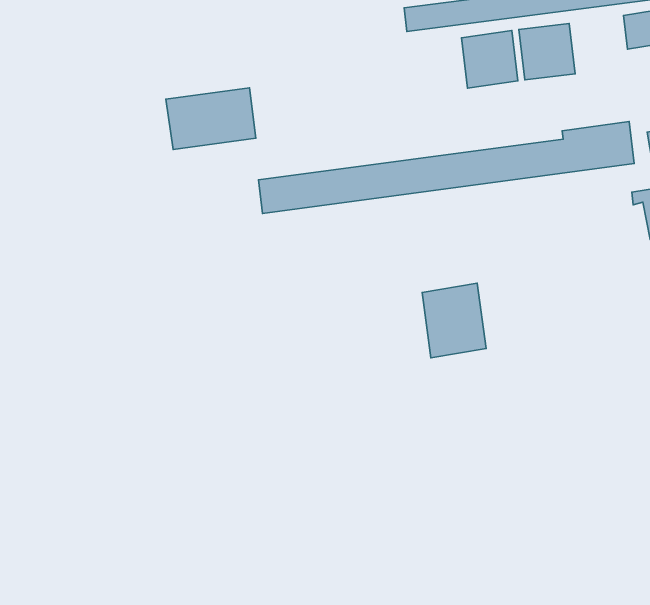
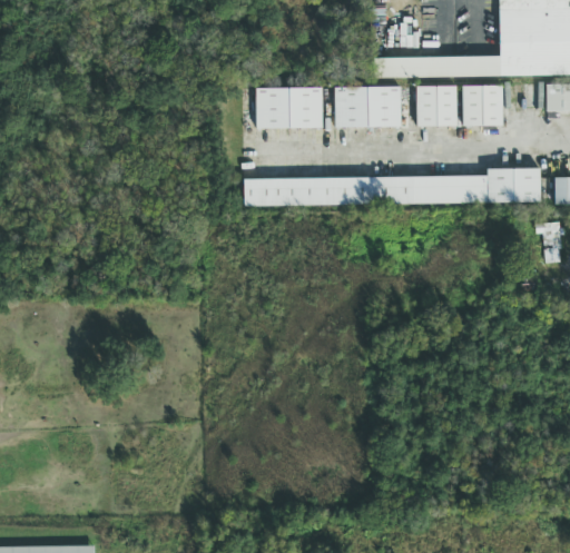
building: none -> [335,86,402,128]
building: [166,88,256,150] -> [256,88,323,129]
building: [422,283,486,358] -> none

